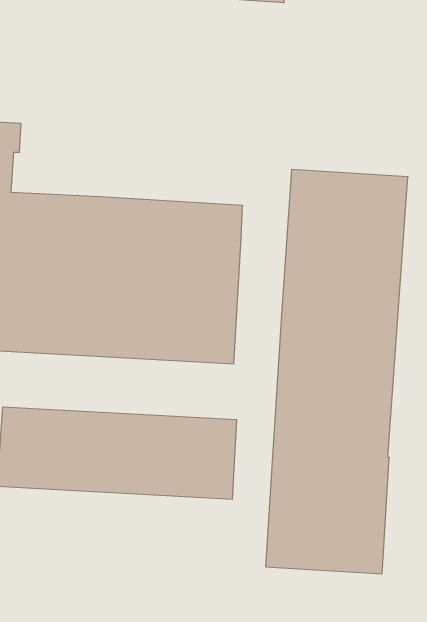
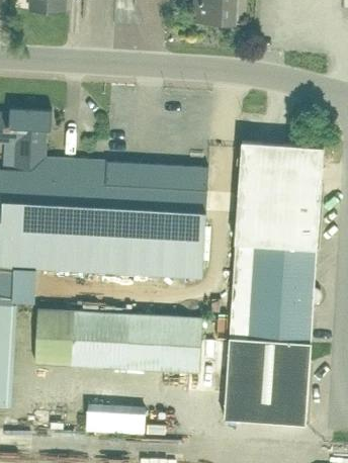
building: none -> [85,403,145,436]

